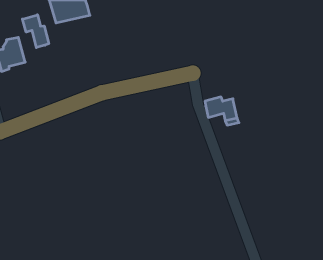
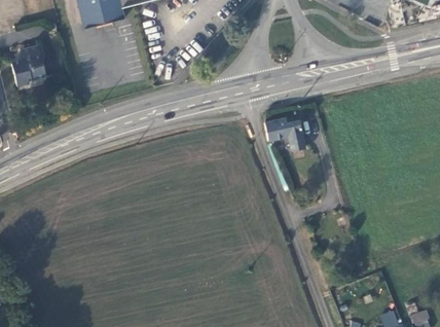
building: [22,15,49,48] -> none

